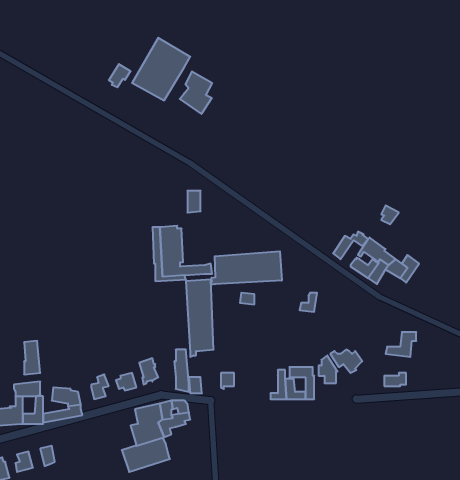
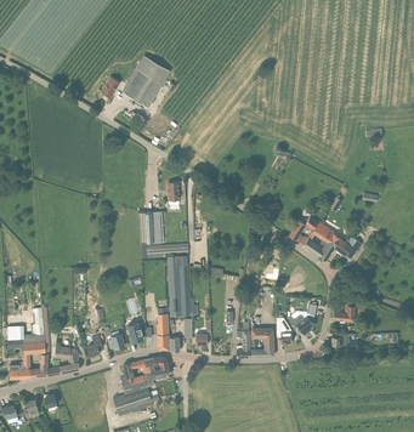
building: [180,71,212,114] -> none
building: [211,251,282,285] -> none

